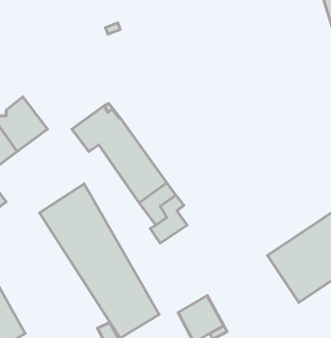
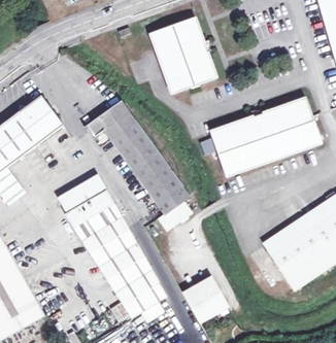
building: none -> [150,19,215,95]
building: none -> [209,99,321,176]

